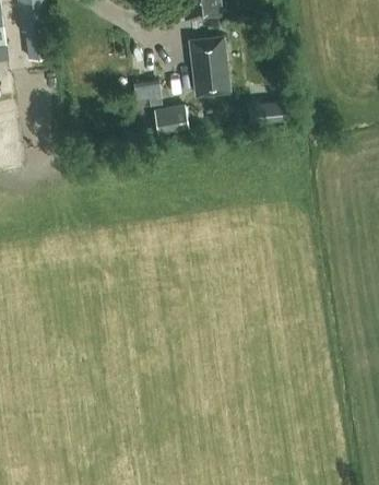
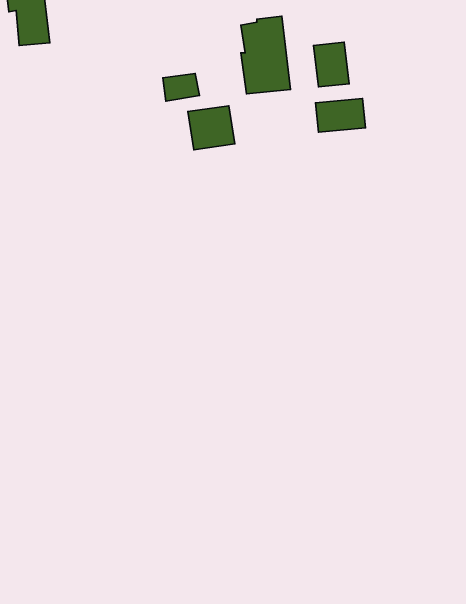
building: none -> [314,42,349,87]

